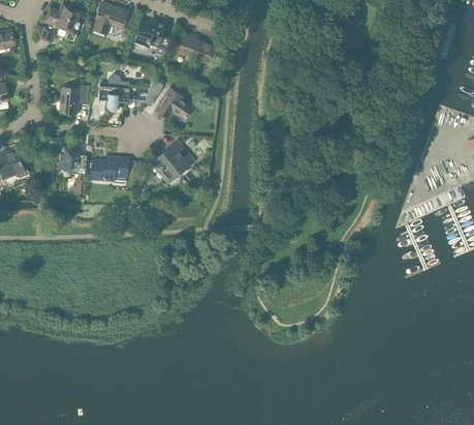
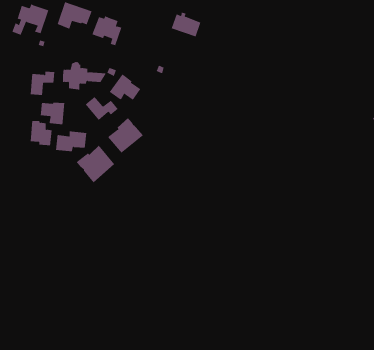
building: [178,33,214,63] -> [171,12,201,37]
building: none -> [85,96,119,121]
building: none -> [40,102,65,125]
building: none -> [76,145,115,183]

